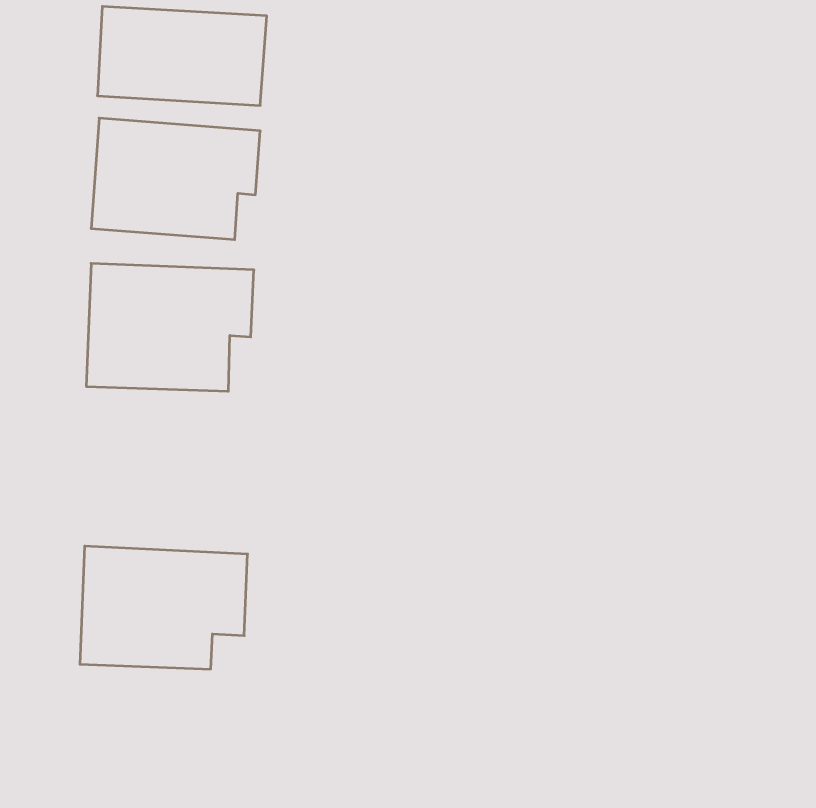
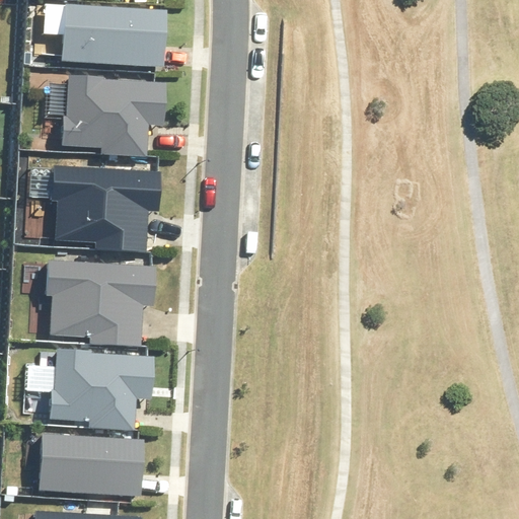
building: none -> [48,264,153,339]
building: none -> [36,435,144,496]

